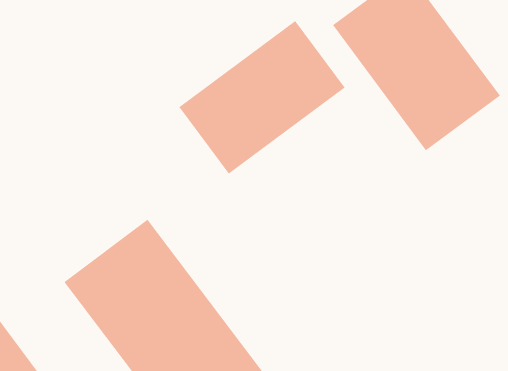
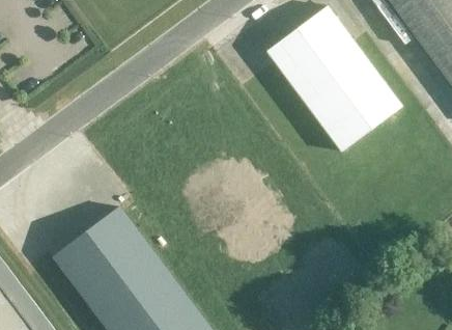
building: [179,20,345,174] -> none

